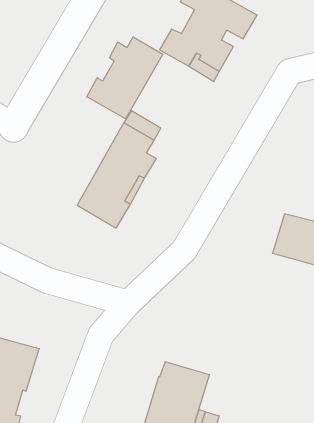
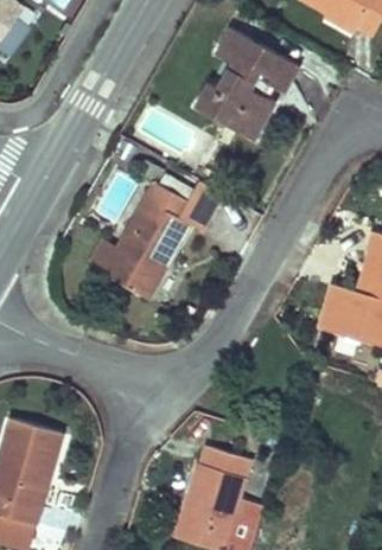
building: [87,37,163,119] -> none

